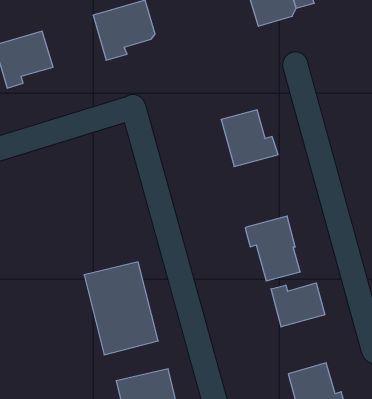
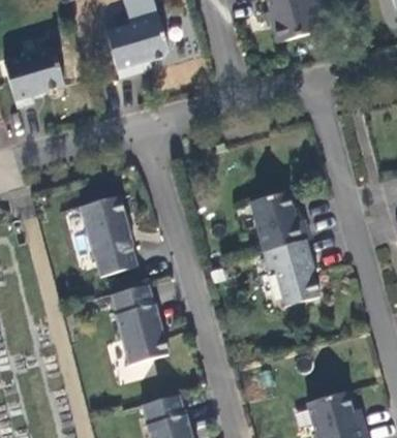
building: [221,110,278,167] -> [250,190,309,249]
building: none -> [65,199,140,285]
building: [271,283,325,327] -> none

